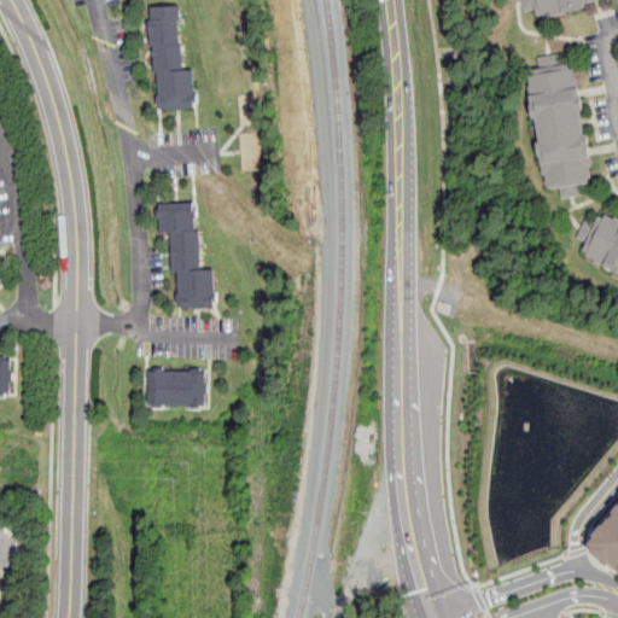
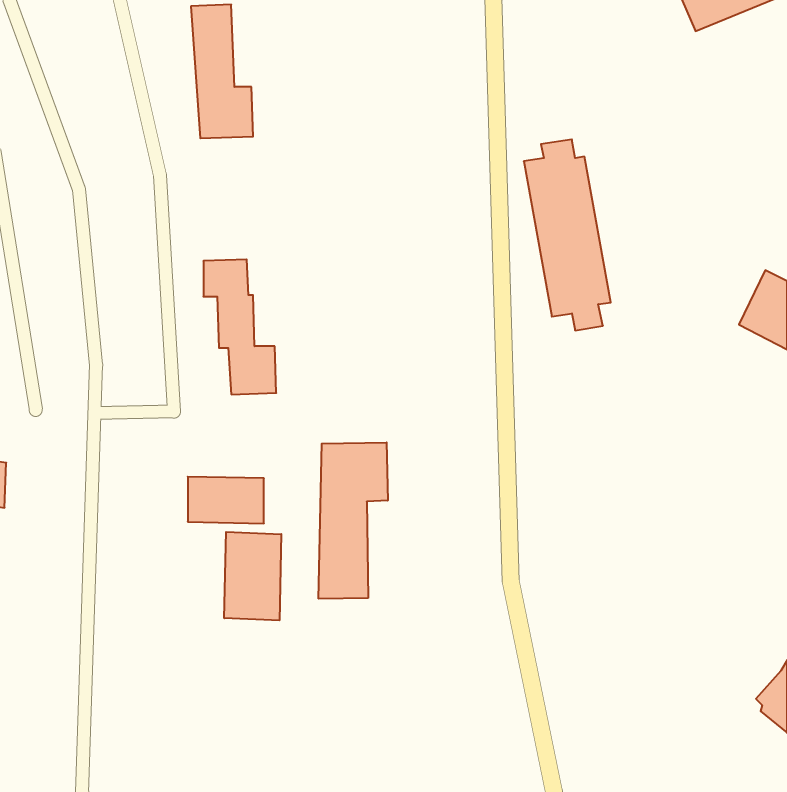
building: [523,51,590,199] -> [524,139,611,330]
building: none -> [319,442,388,599]
building: none -> [224,532,281,620]

